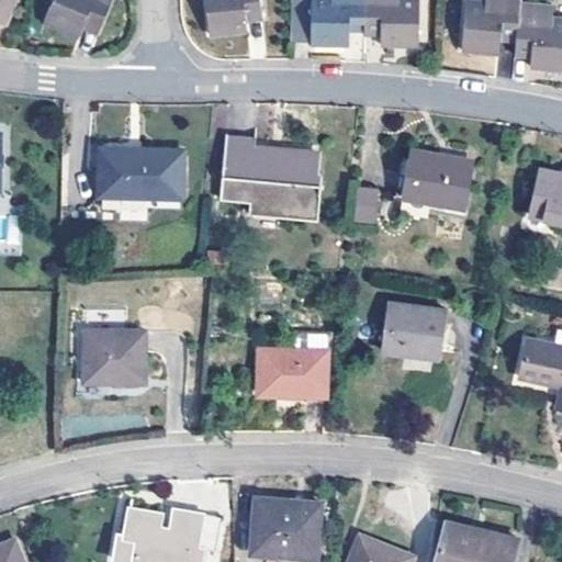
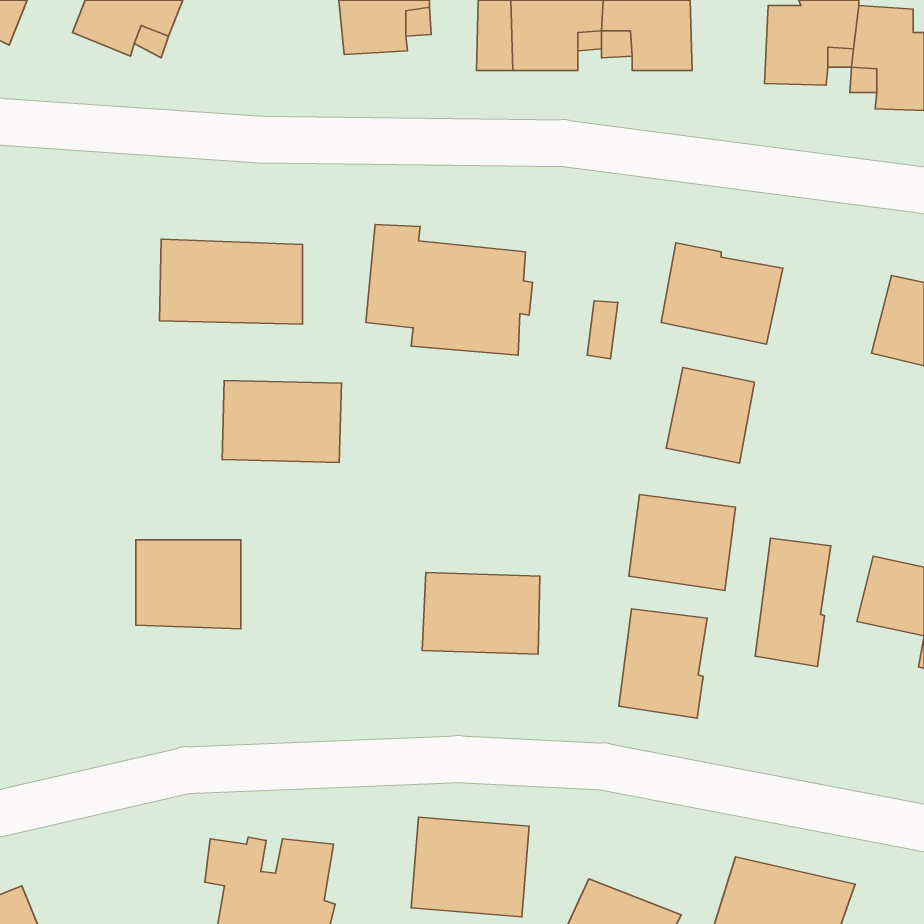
building: none -> [666,368,755,463]
building: none -> [222,380,341,462]
building: none -> [755,538,831,667]
building: none -> [619,609,707,718]

